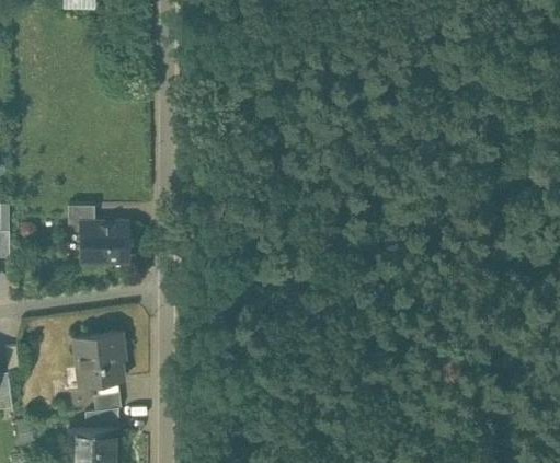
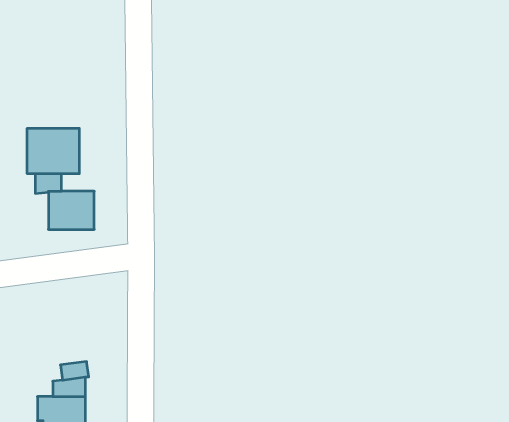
building: none -> [27,128,79,174]
building: [73,333,122,386] -> none

